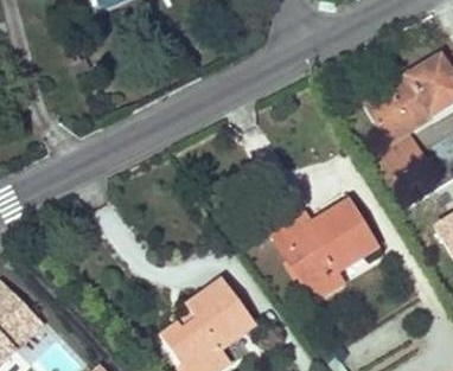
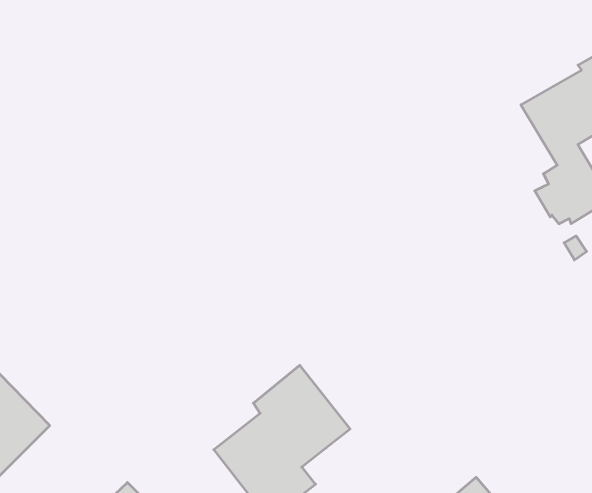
building: [273,203,376,289] -> none

